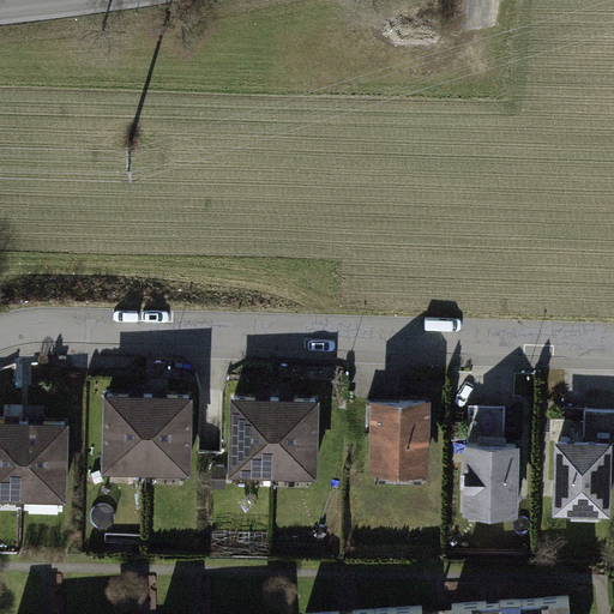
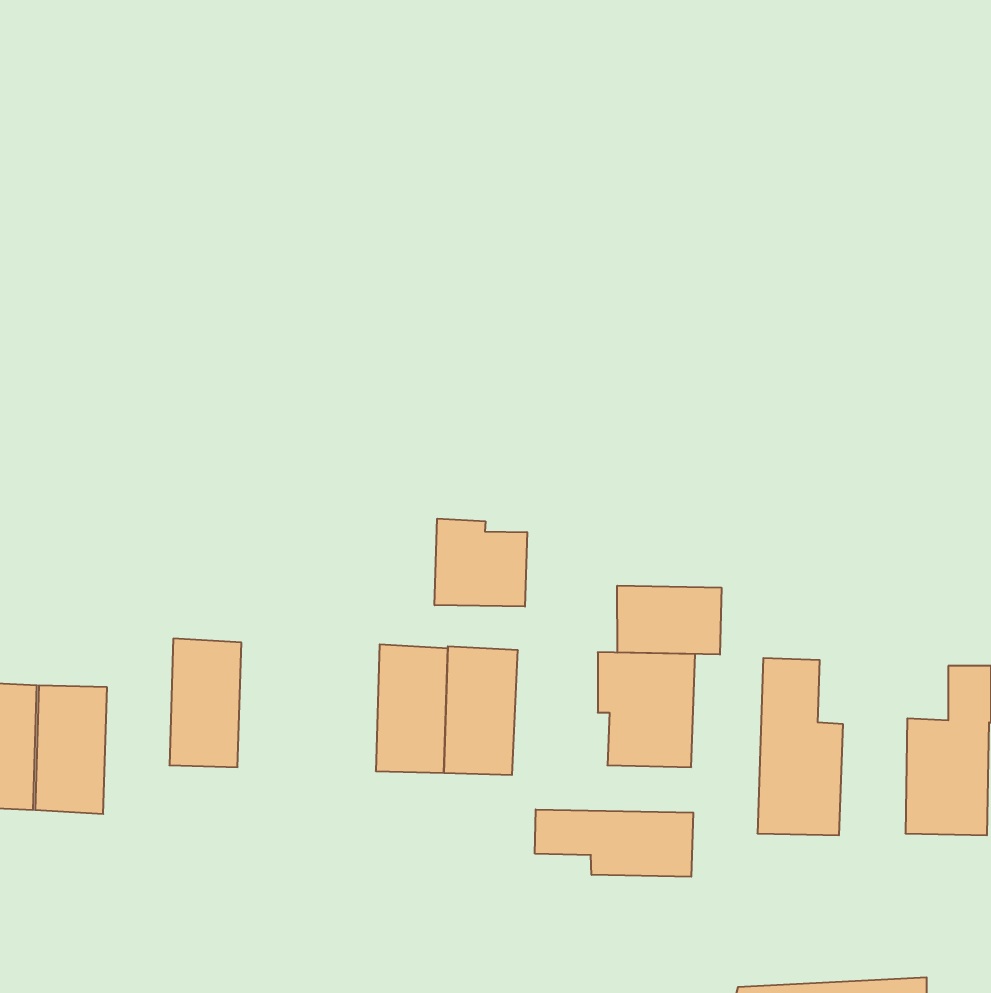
building: none -> [435,519,527,607]
building: none -> [617,586,721,655]
building: [146,397,191,475] -> none
building: none -> [535,809,693,877]

